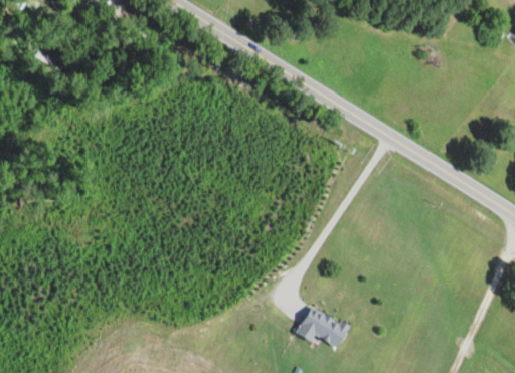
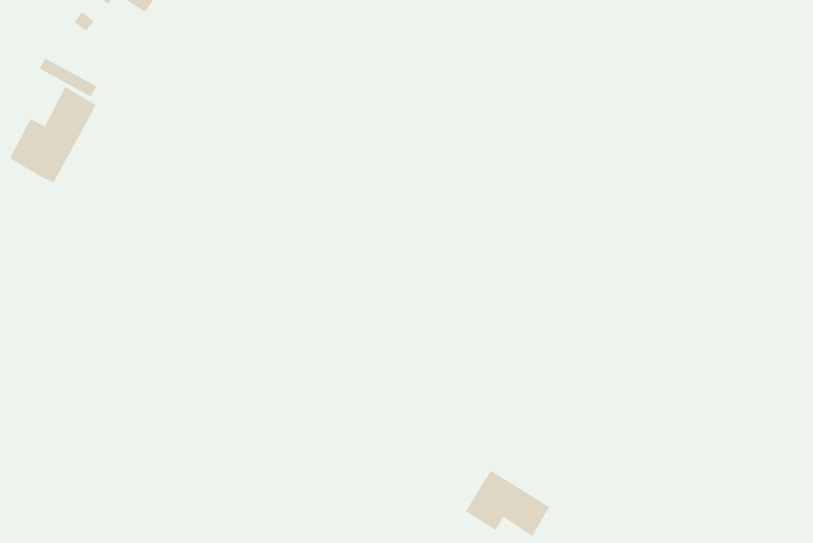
building: none -> [9,86,97,184]

